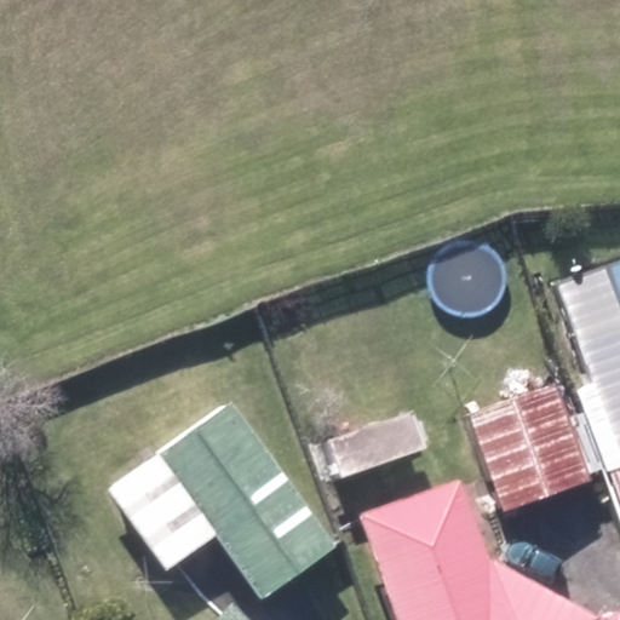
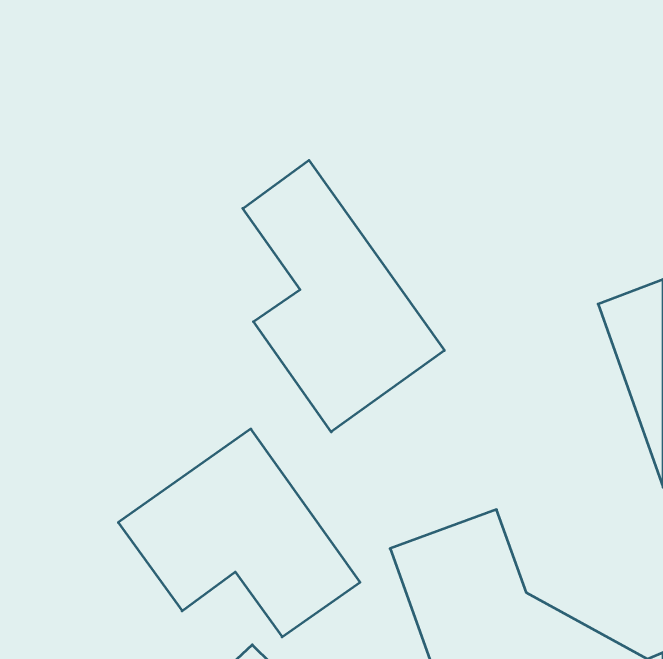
building: none -> [243,160,444,432]
building: [472,386,590,512] -> none

